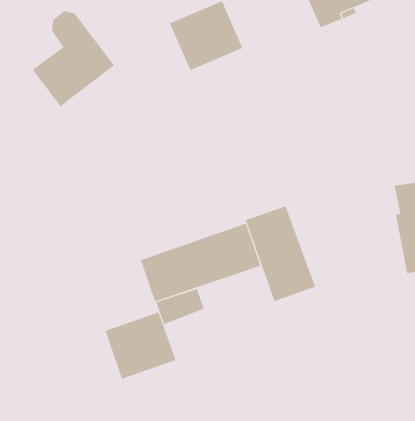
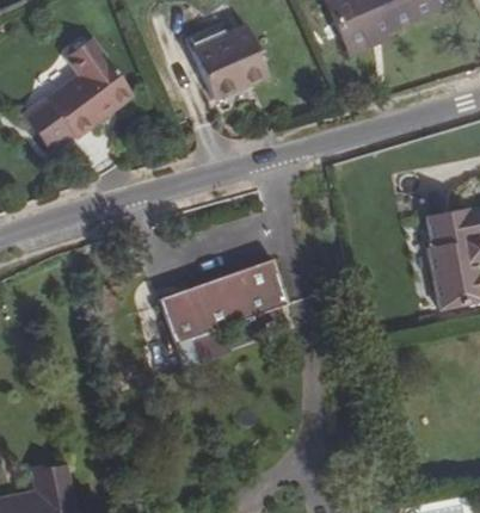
building: none -> [25,98,76,153]
building: [245,205,316,302] -> none
building: [105,312,176,379] -> none

